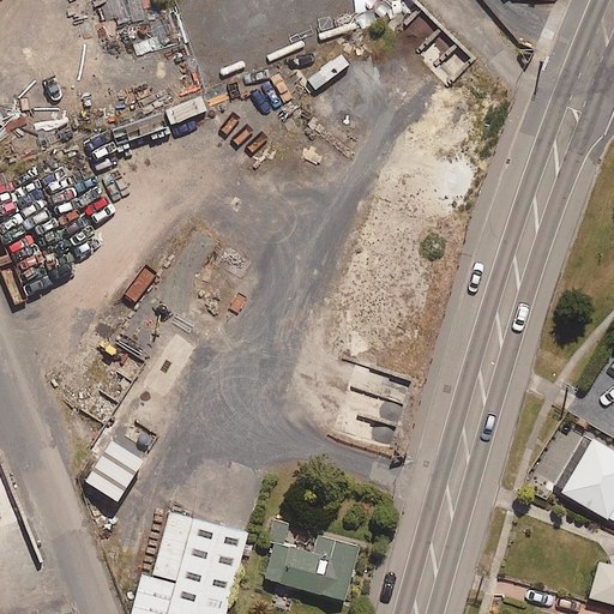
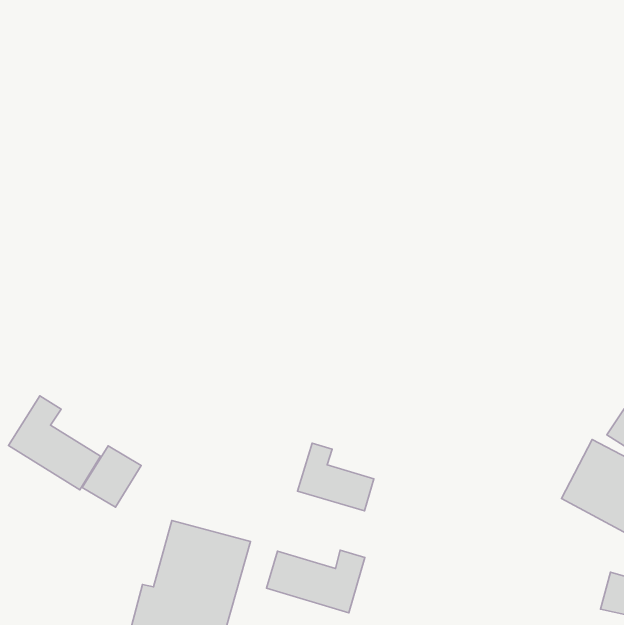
building: none -> [8,396,101,490]
building: none -> [298,443,374,511]

